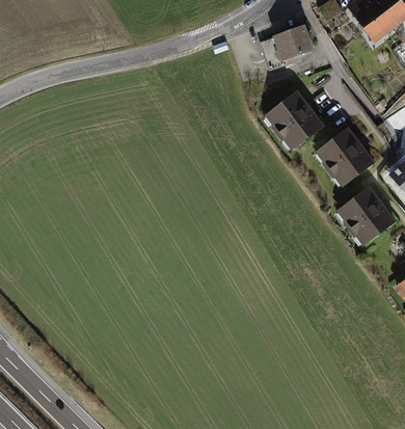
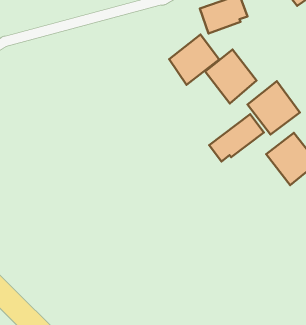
building: none -> [169,34,219,85]
building: none -> [209,114,264,161]

